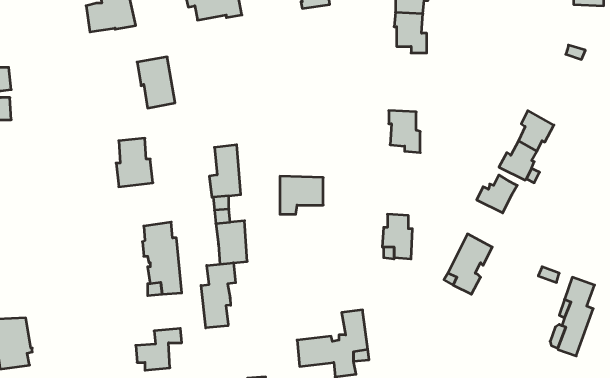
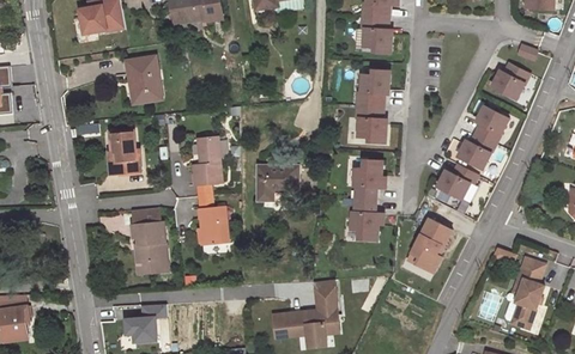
building: none -> [492,63,526,99]
building: none -> [357,71,389,106]
building: none -> [353,159,381,201]
building: [201,263,236,328] -> none

